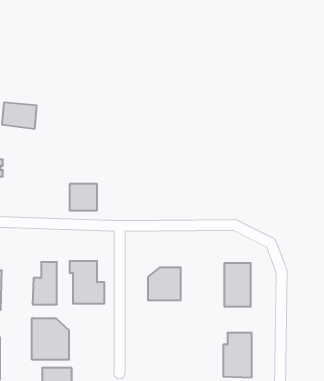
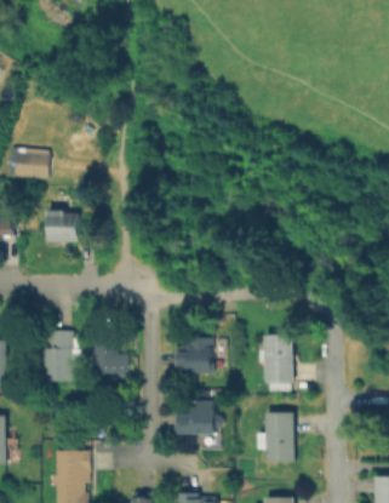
building: [70,184,97,210] -> [46,212,78,242]
building: [32,318,69,360] -> none
building: none -> [177,402,216,436]

